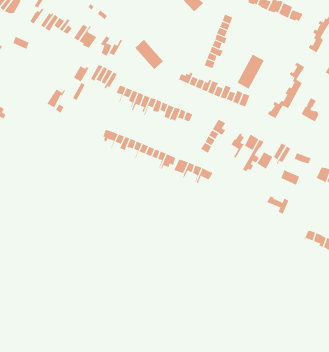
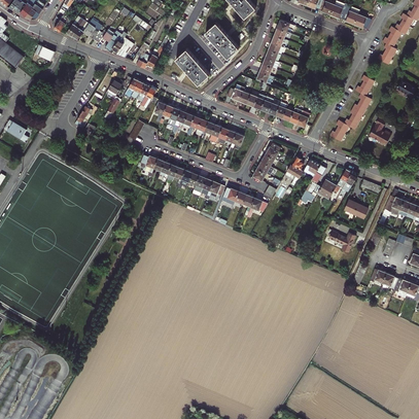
building: none -> [205,22,240,58]
building: [237,54,264,89] -> none

